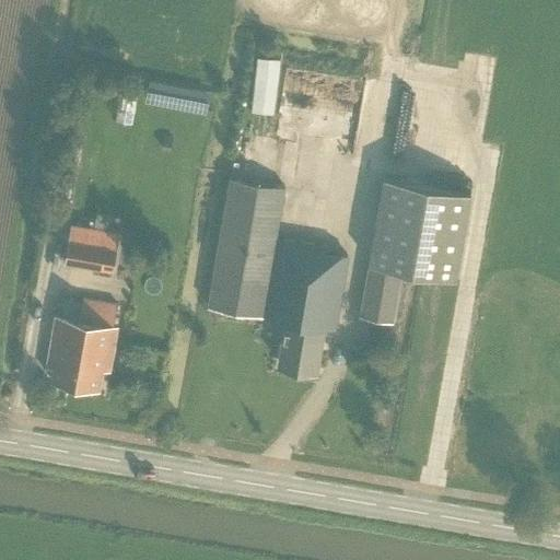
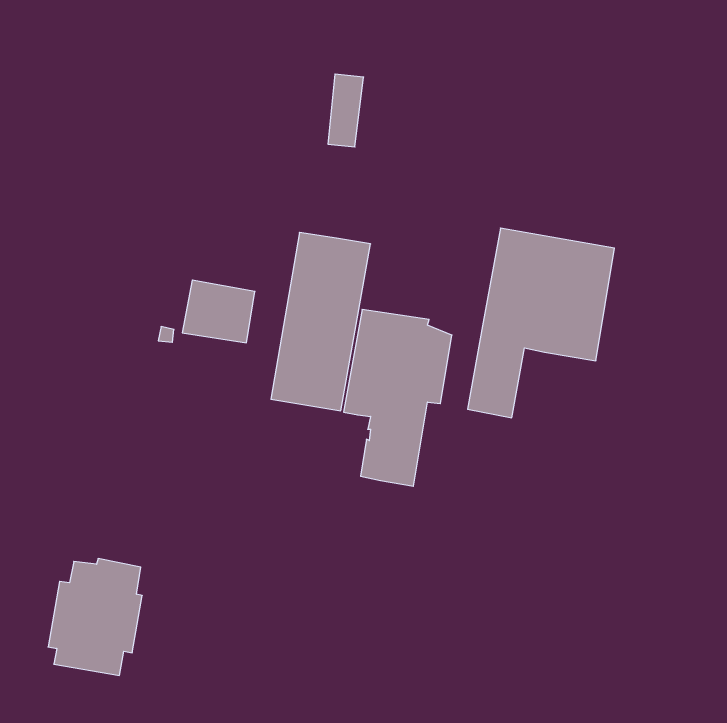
building: [63,226,119,275] -> [182,280,255,343]
building: [46,302,118,392] -> [48,559,142,675]

